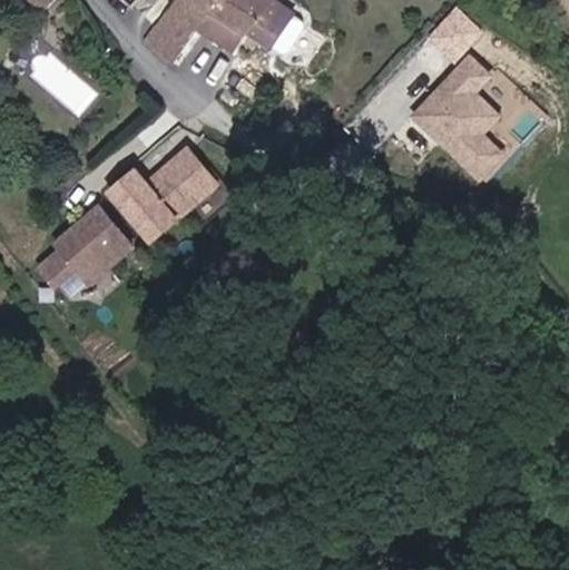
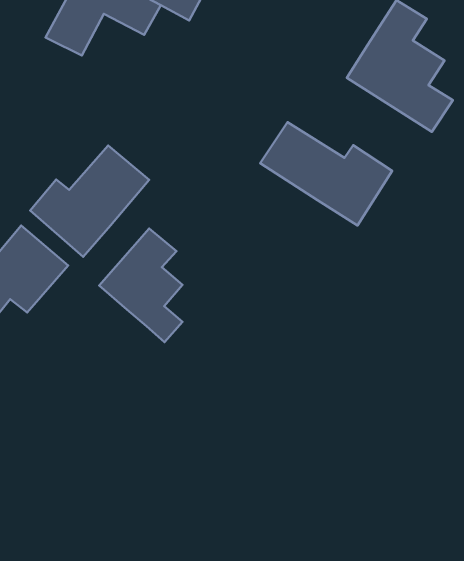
building: none -> [260,122,392,225]
building: none -> [99,228,183,342]

